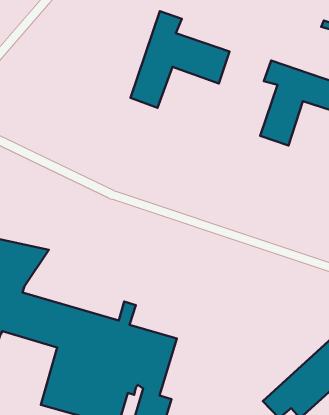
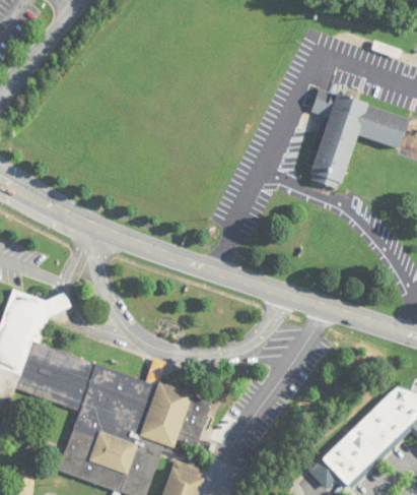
building: [130,11,229,108] -> none

